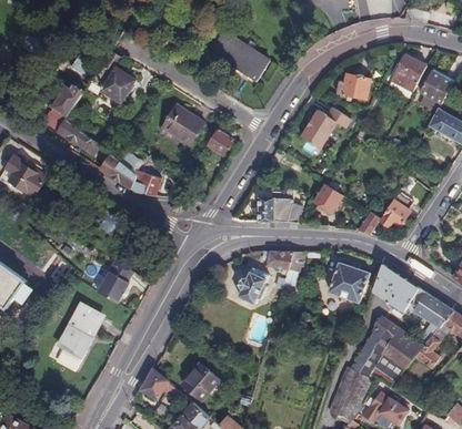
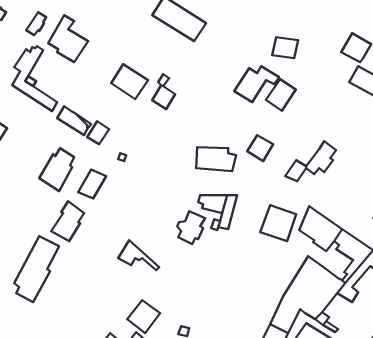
building: [393,54,426,89] -> none
building: none -> [266,79,296,111]
building: none -> [78,169,106,199]
building: [141,368,187,401] -> [118,240,159,270]

